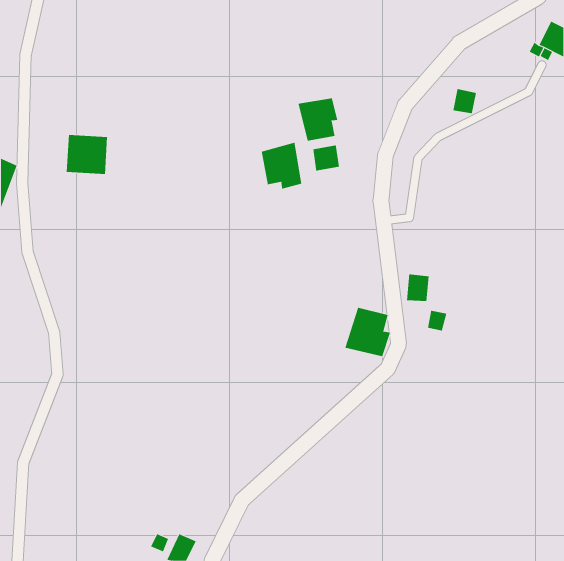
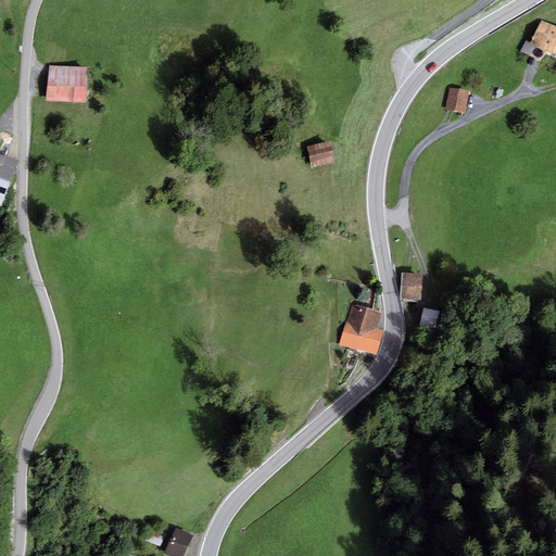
building: [298,98,338,142] -> none
building: [66,135,108,174] -> [46,66,87,105]
building: [261,142,302,190] -> none

